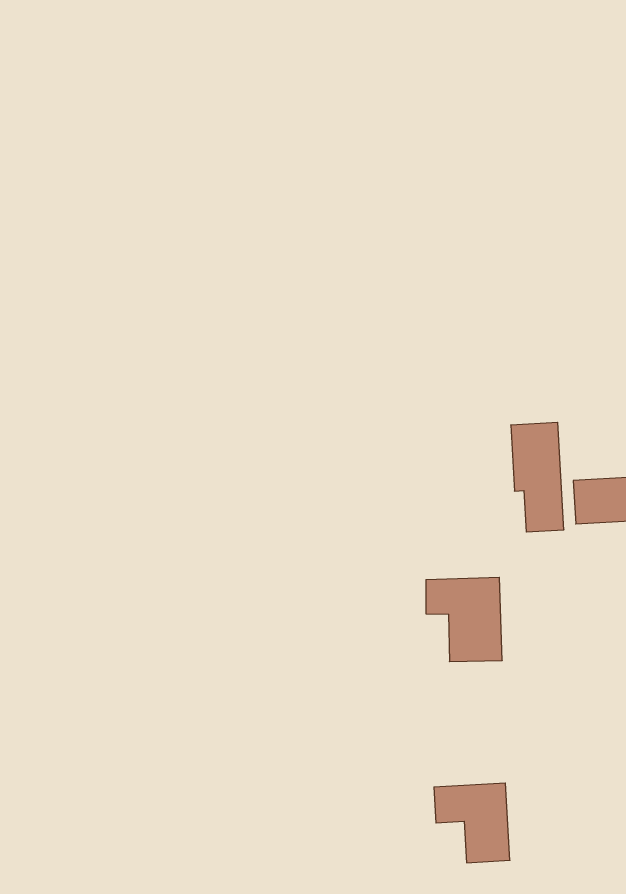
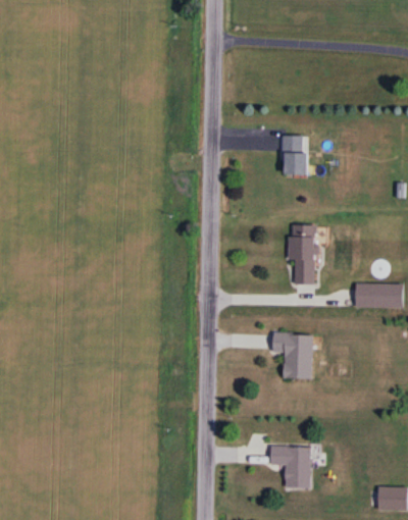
building: none -> [283,138,306,175]
building: [511,422,564,532] -> [290,226,315,284]

